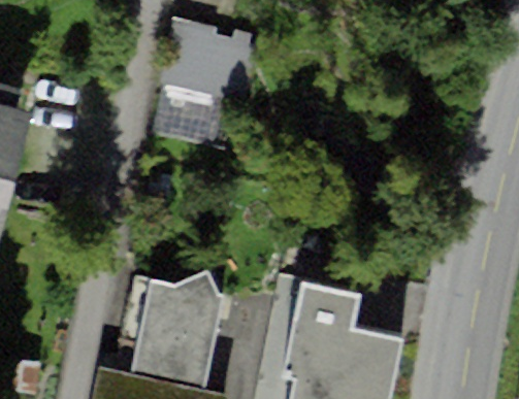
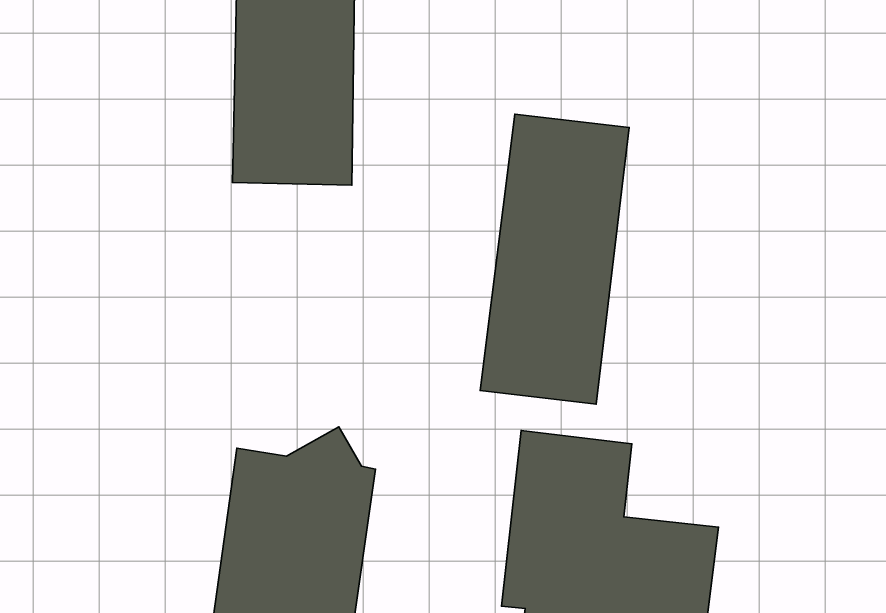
building: none -> [480,114,629,404]

